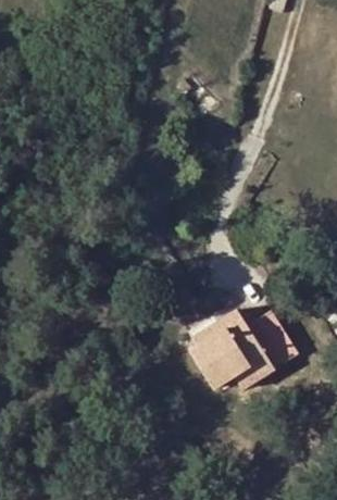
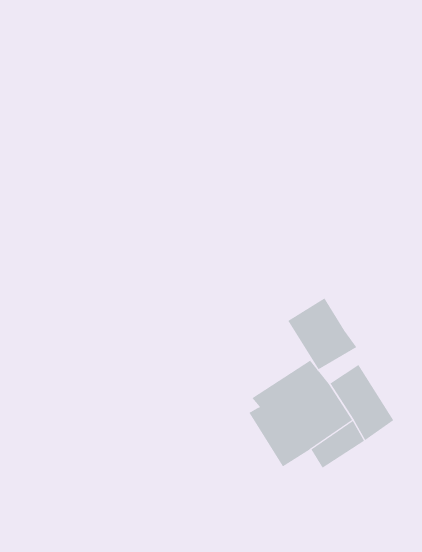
building: none -> [287,298,357,370]

